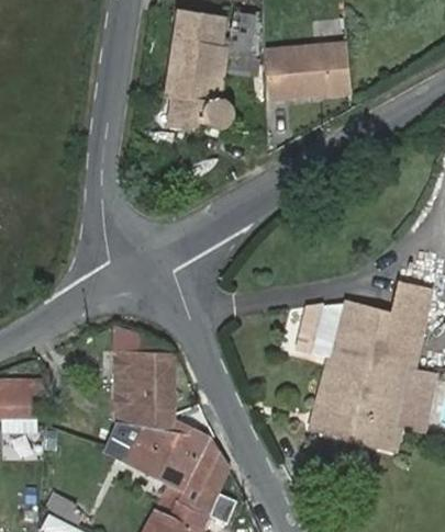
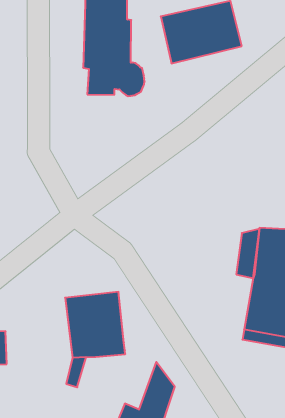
building: [125,420,209,489] -> none

